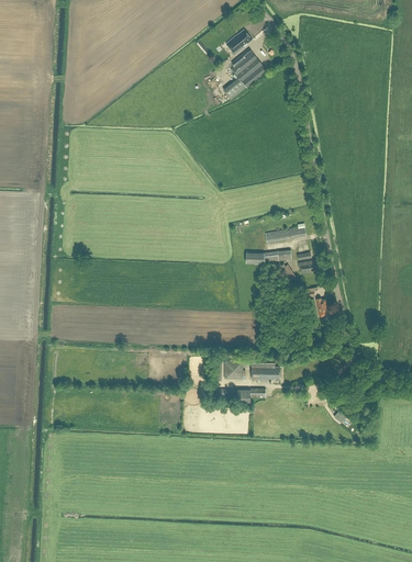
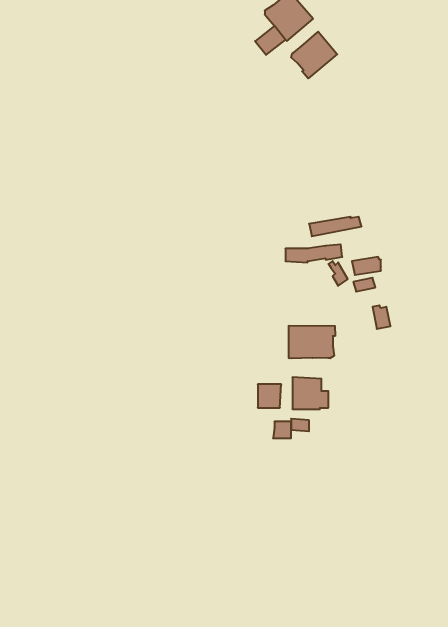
building: none -> [291,32,337,78]
building: none -> [289,326,335,358]

